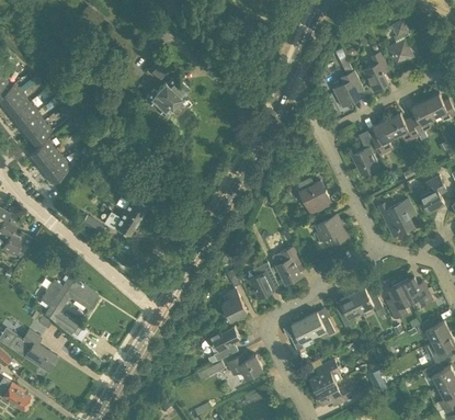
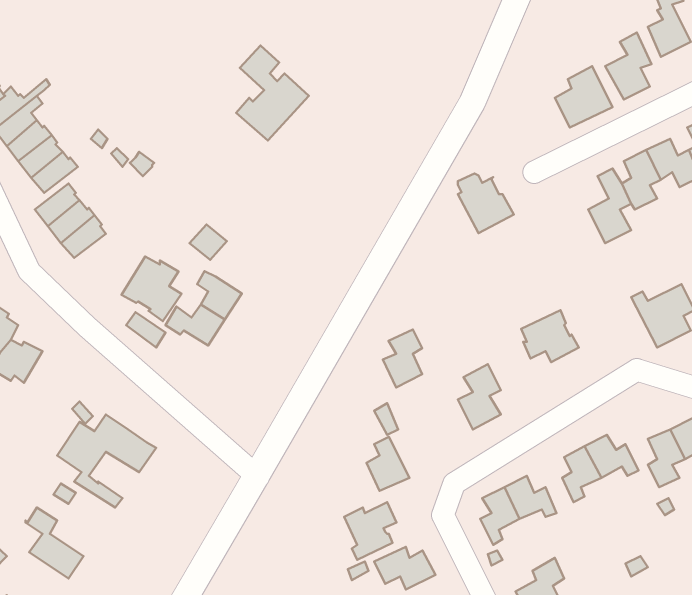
building: [298,180,331,215] -> [458,174,514,233]
building: none -> [122,256,182,321]
building: [249,264,272,298] -> [383,330,422,387]

